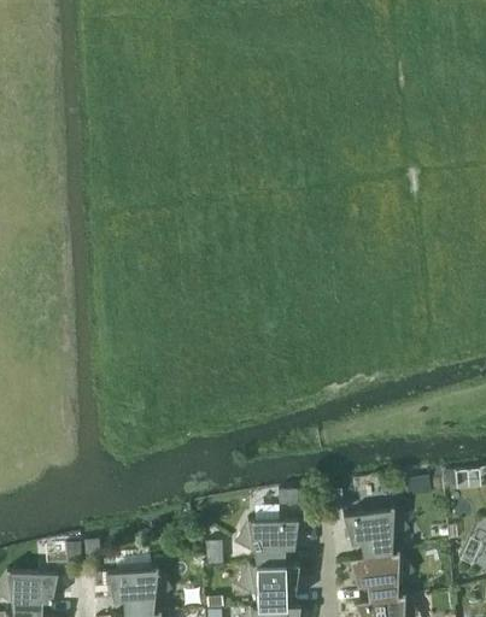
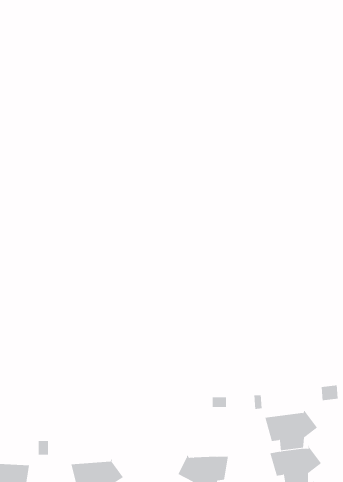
building: [236,519,299,565] -> none

